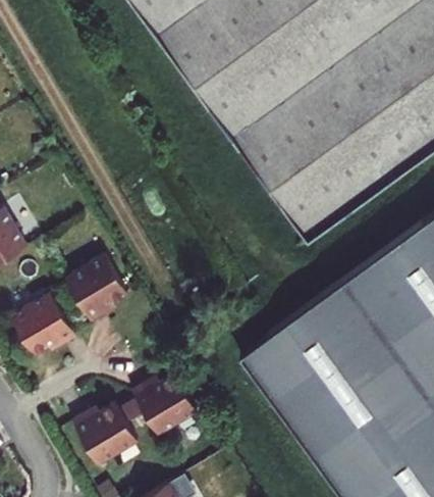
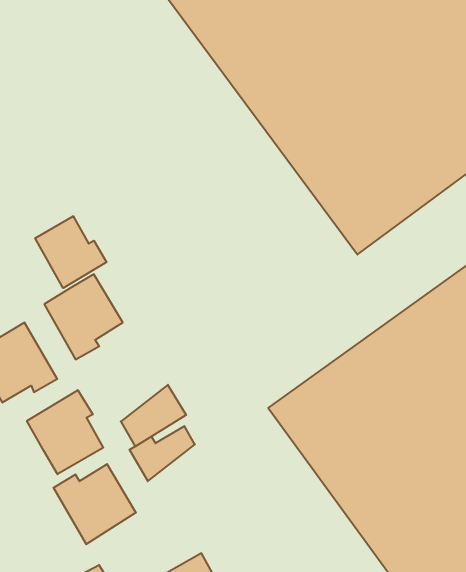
building: none -> [35,216,106,288]
building: none -> [27,390,103,474]
building: [145,385,196,433] -> [121,385,186,446]

